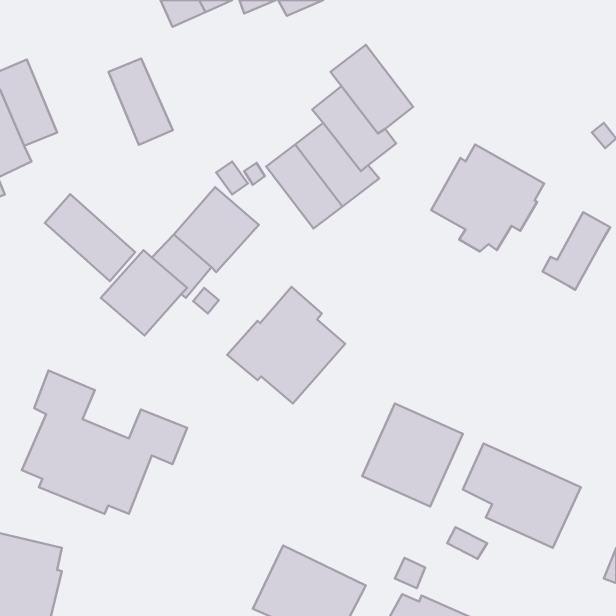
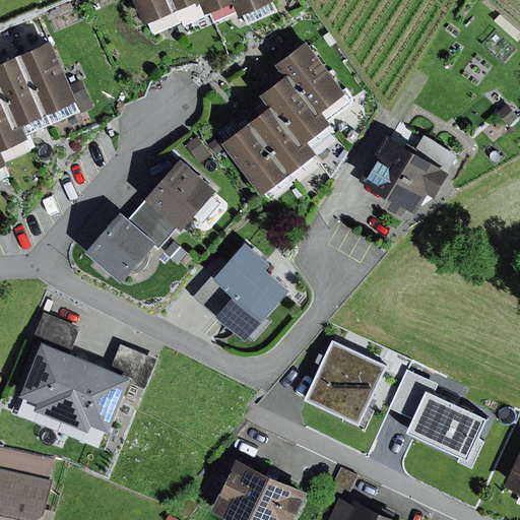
building: [108,59,173,145] -> [22,43,76,115]
building: [45,194,135,281] -> none
building: [543,212,610,290] -> none

